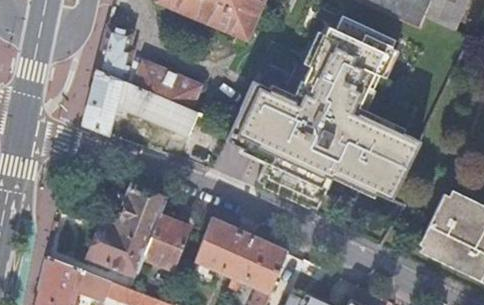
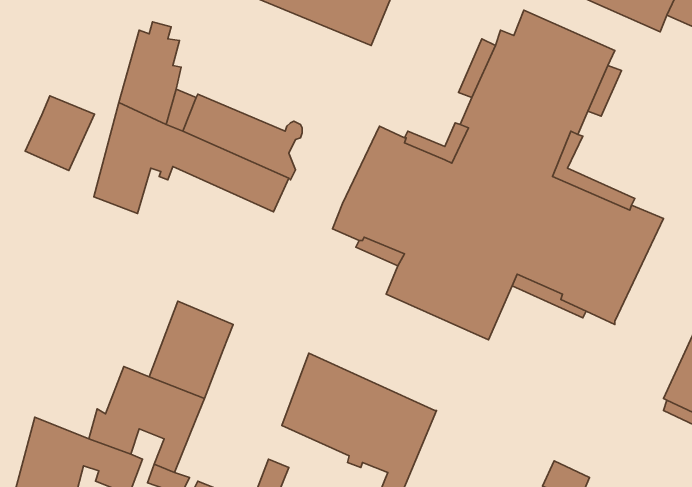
building: none -> [25,96,95,170]
building: [144,216,190,268] -> none

